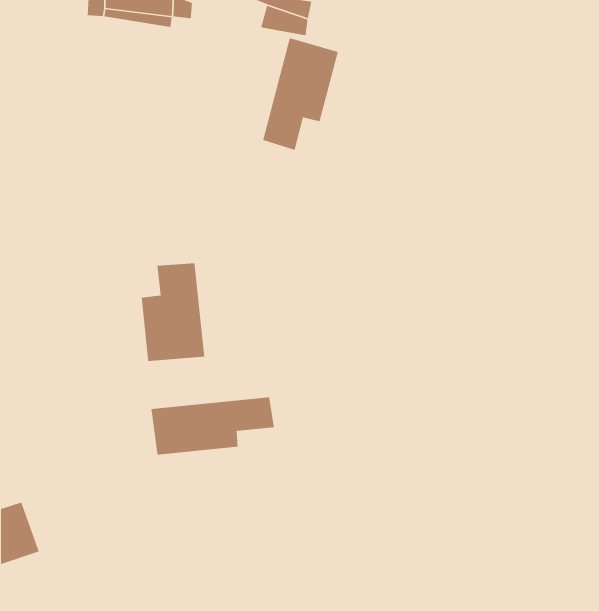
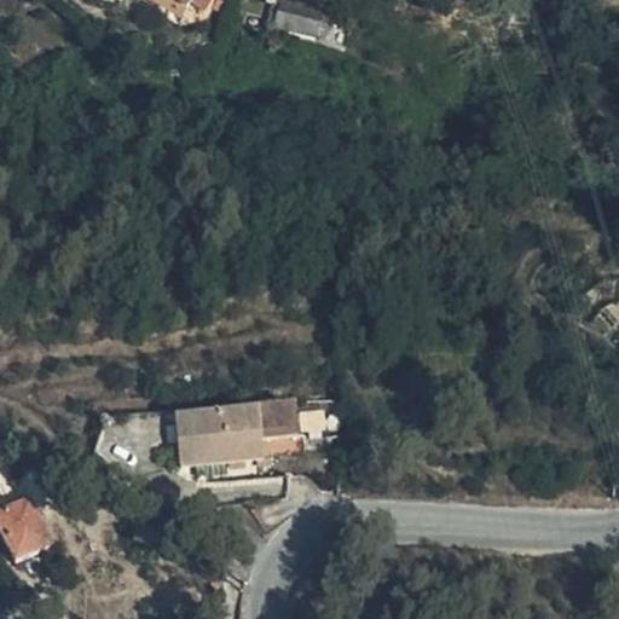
building: [262,37,339,151] -> none
building: [141,262,205,362] -> none

